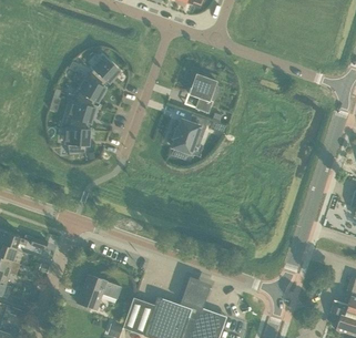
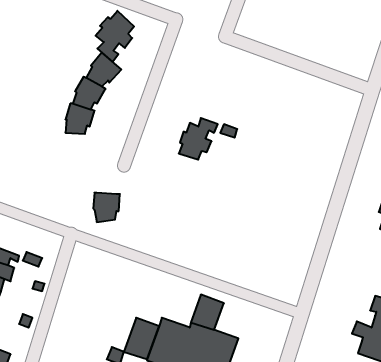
building: none -> [96,11,134,62]
building: [189,74,218,113] -> none
building: [65,129,90,155] -> [93,193,120,222]
building: [75,274,106,309] -> none

